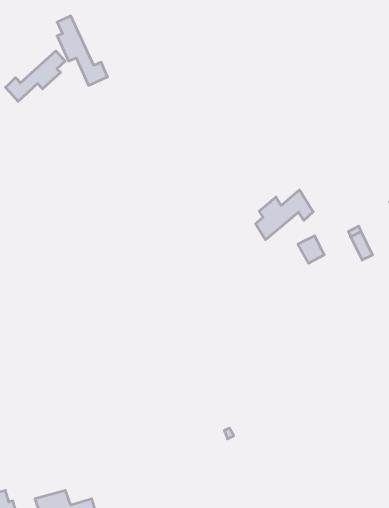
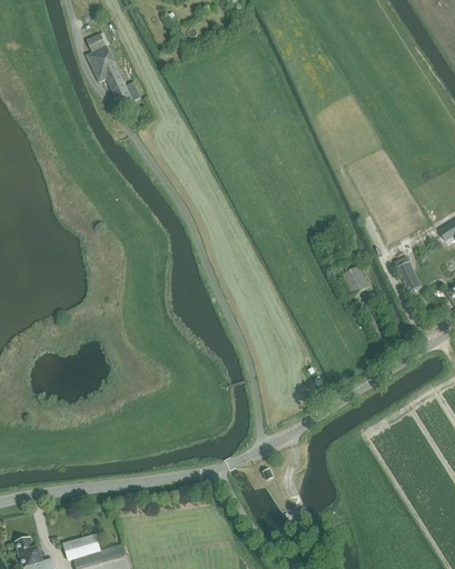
building: [5,51,65,101] -> none
building: [256,190,313,240] -> none

